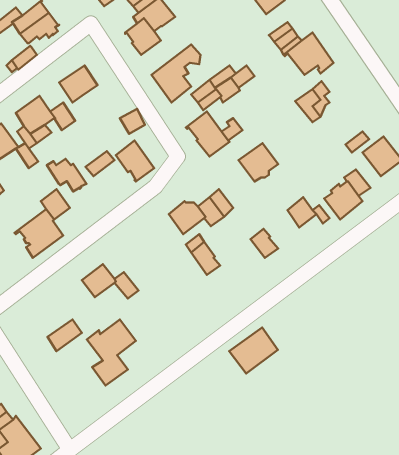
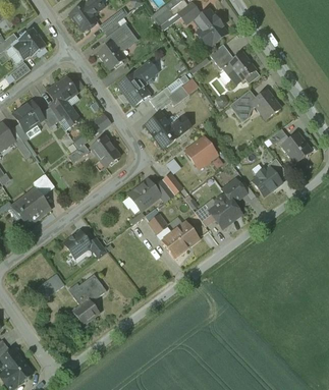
building: none -> [252,91,280,120]
building: [47,159,87,192] -> [50,101,80,126]
building: none -> [209,196,240,227]
building: [229,327,278,373] -> [161,221,199,257]

